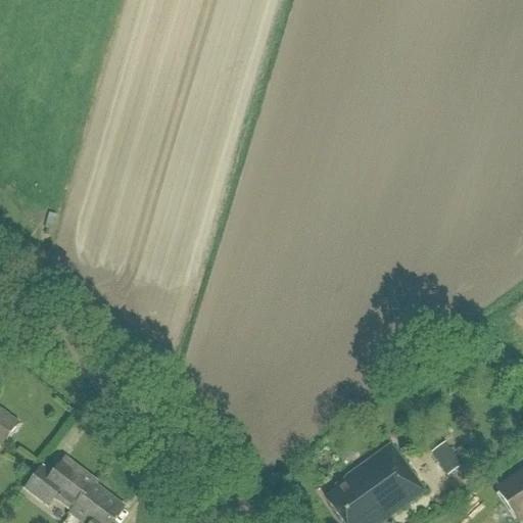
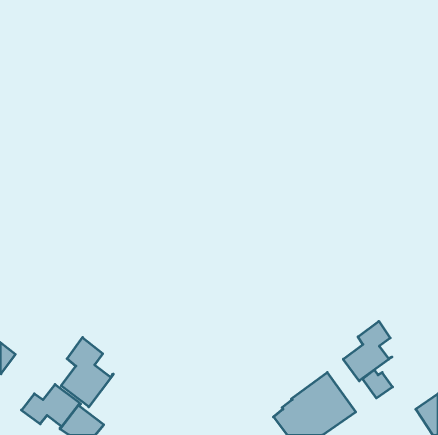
building: none -> [343,321,392,381]
building: none -> [61,337,113,407]

